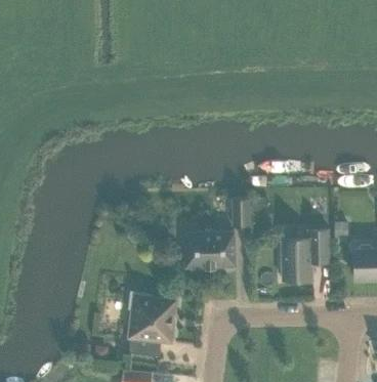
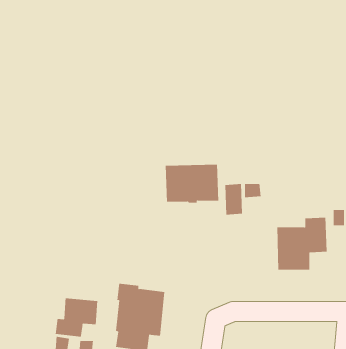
building: [183,231,235,268] -> [165,164,219,203]
building: none -> [55,297,98,337]

